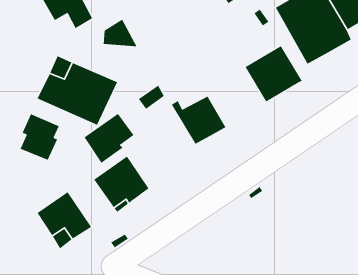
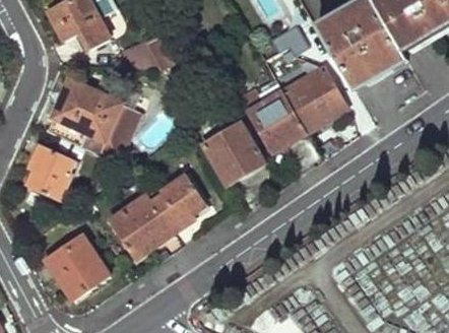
building: none -> [247,92,306,153]
building: [83,113,134,164] -> [153,173,211,230]

